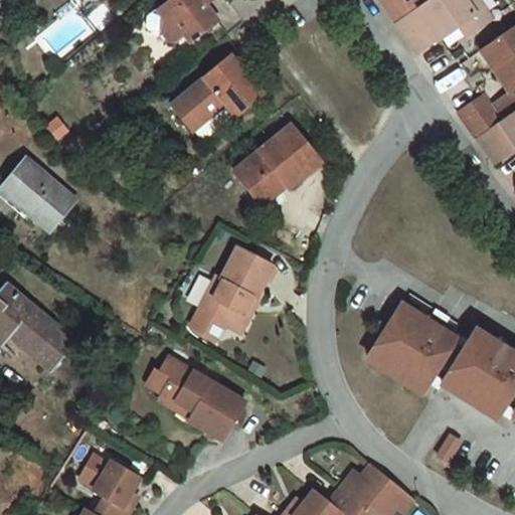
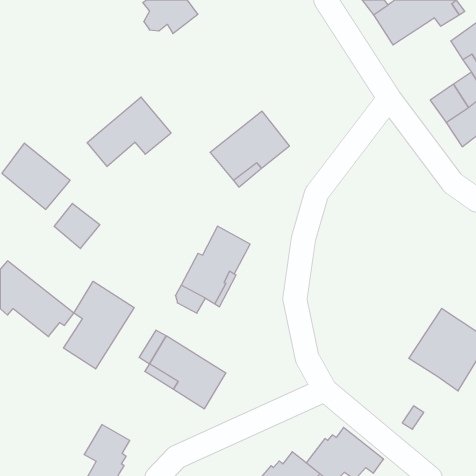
building: [166,51,256,126] -> [87,97,171,166]
building: none -> [54,203,100,249]
building: none -> [64,281,134,369]
building: [368,306,457,394] -> none

